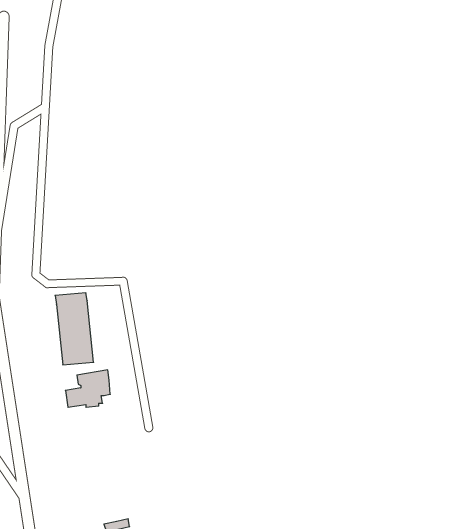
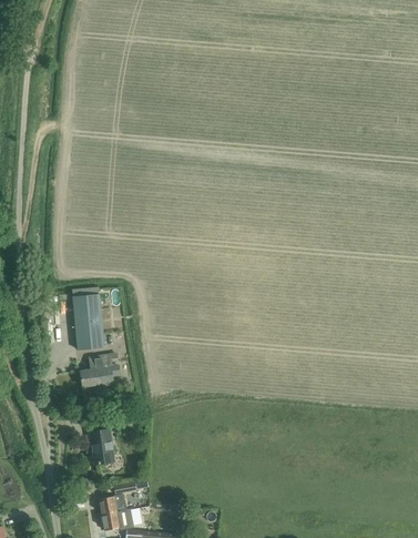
building: none -> [89,430,113,466]

